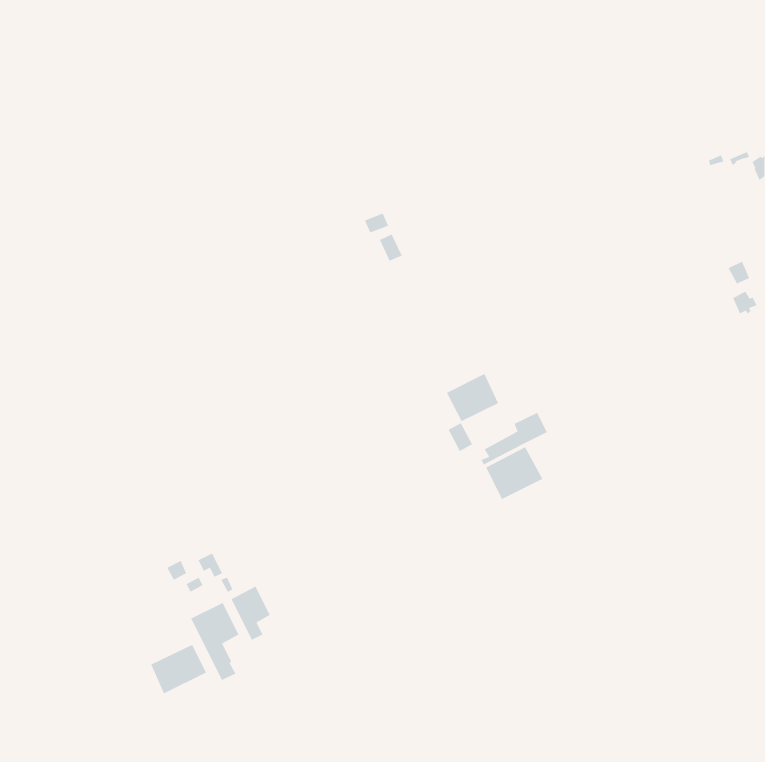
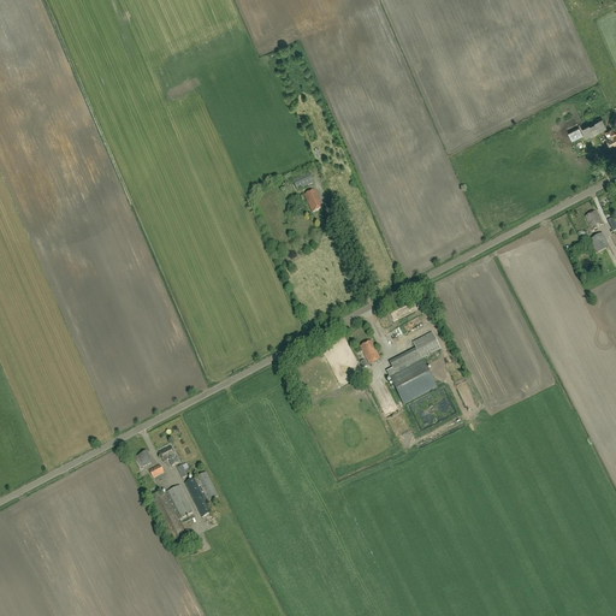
building: [446,373,499,422] -> none
building: [150,644,207,695] -> none

